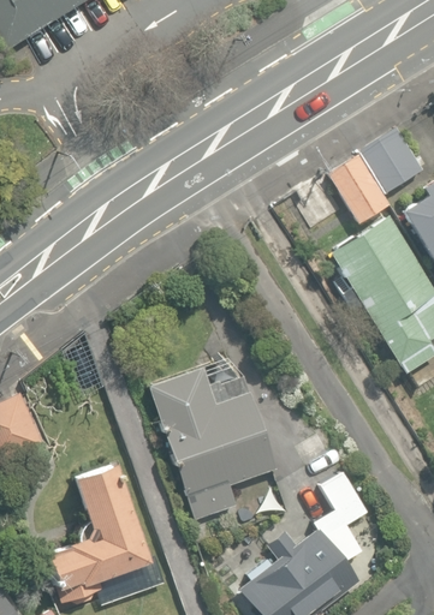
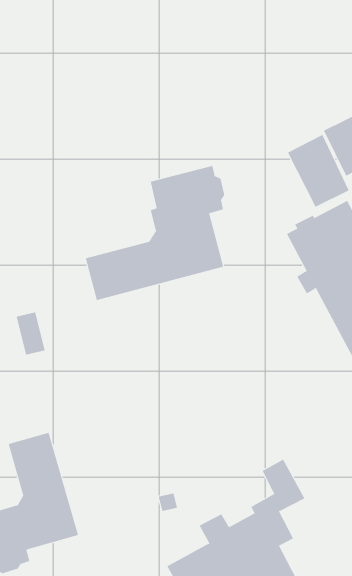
building: none -> [85,165,225,301]
building: [150,357,277,519] -> none

